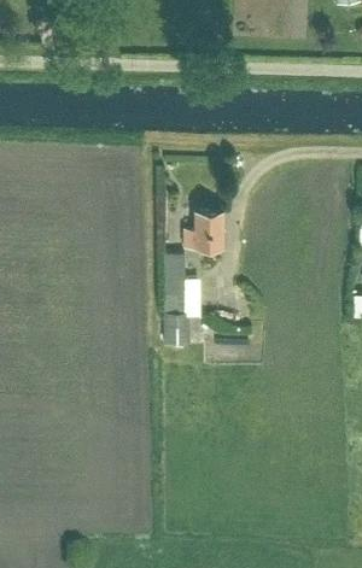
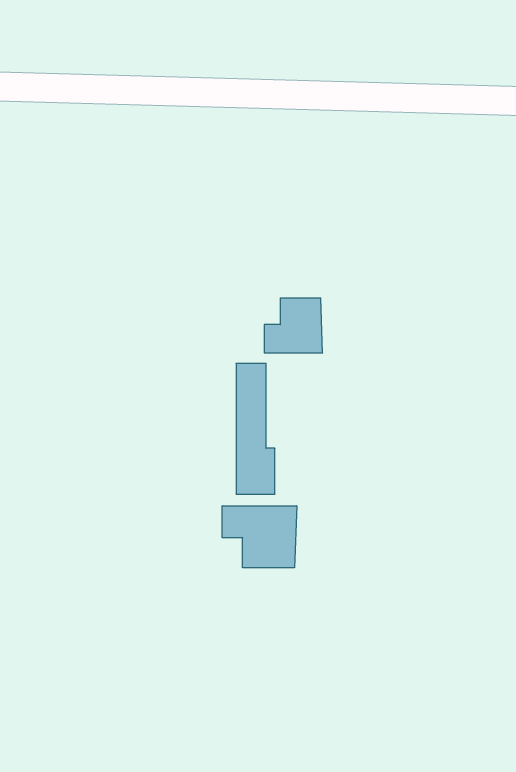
building: none -> [222,506,297,568]

